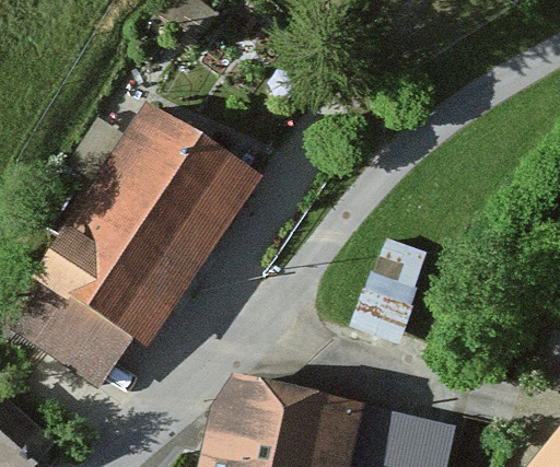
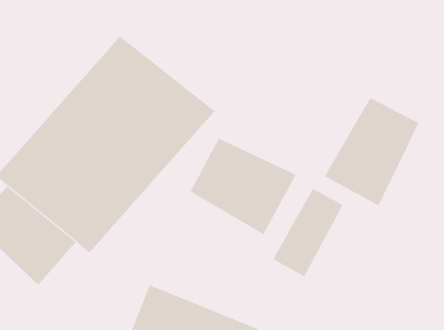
building: none -> [324,97,419,206]
building: none -> [190,138,296,235]

